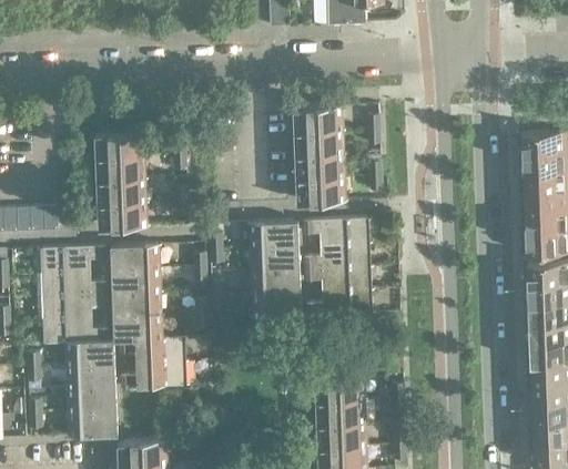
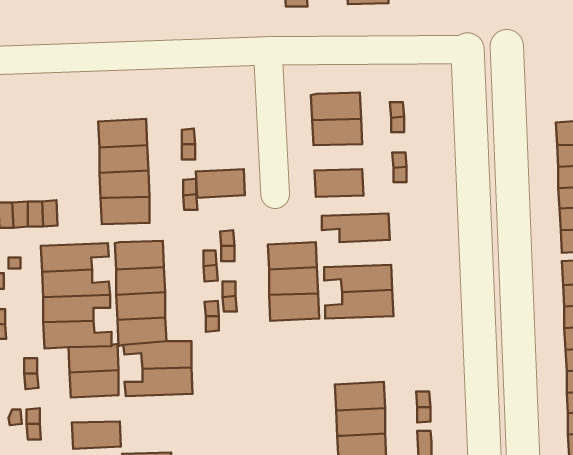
building: [295,156,341,181] -> none
building: [252,223,297,249] -> [196,169,245,198]
building: [304,245,367,271] -> none
building: [70,389,115,415] -> none

